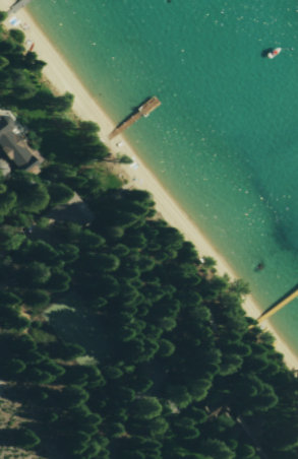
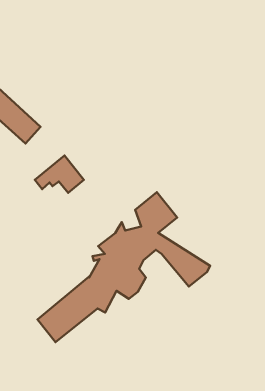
building: none -> [37,192,210,342]

